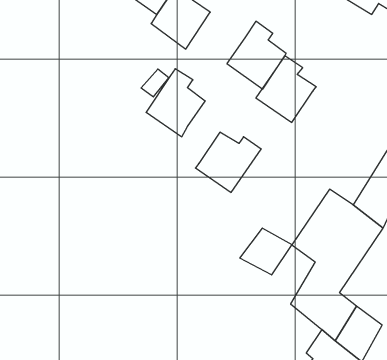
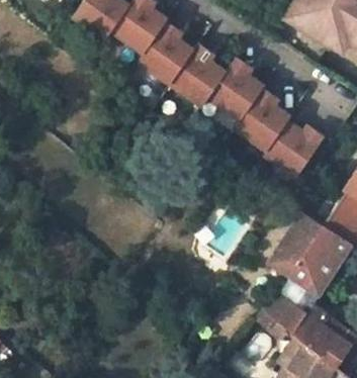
building: [146,69,205,137] -> [171,44,225,106]
building: [195,132,261,192] -> [264,122,324,177]
building: [240,228,292,275] -> none

